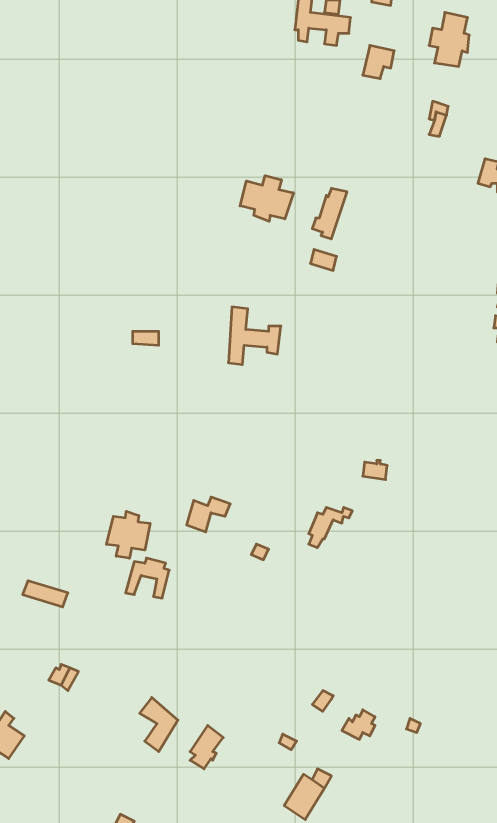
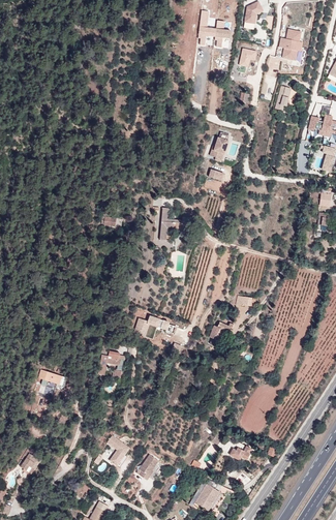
building: [240,176,293,221] -> none
building: [106,511,150,558] -> none

